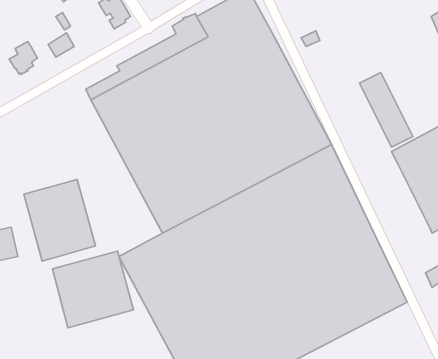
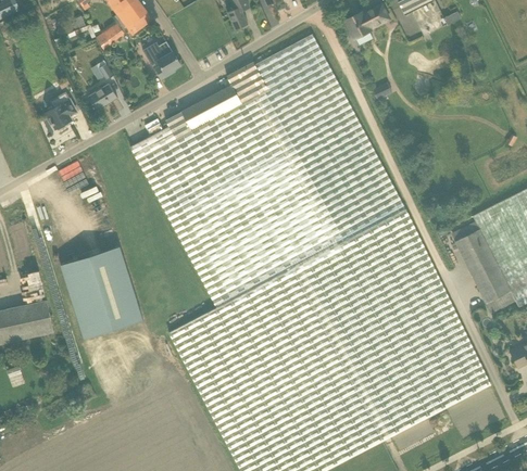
building: [360,72,413,147] -> [455,228,515,311]
building: [52,251,134,328] -> none

